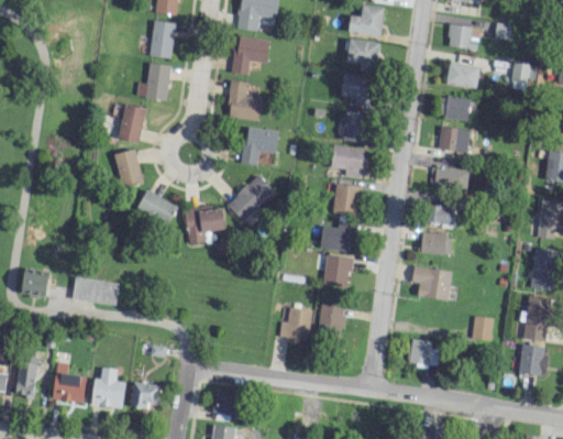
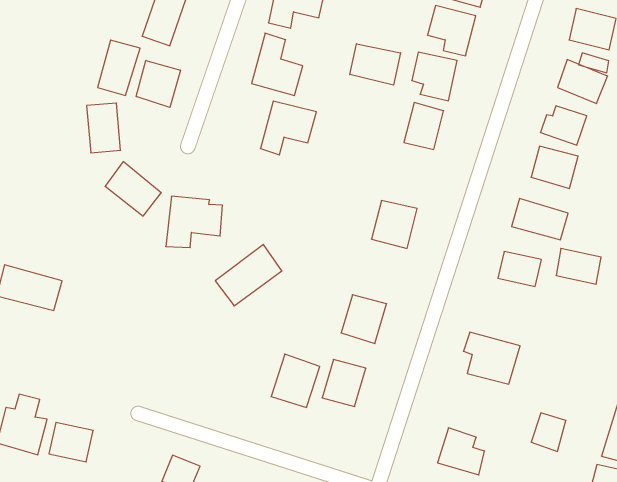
building: none -> [350,44,401,85]
building: none -> [136,60,180,107]
building: [332,145,367,178] -> none
building: [228,174,274,221] -> [215,244,282,306]
building: [320,223,354,252] -> none
building: [422,233,452,254] -> [556,248,601,284]

